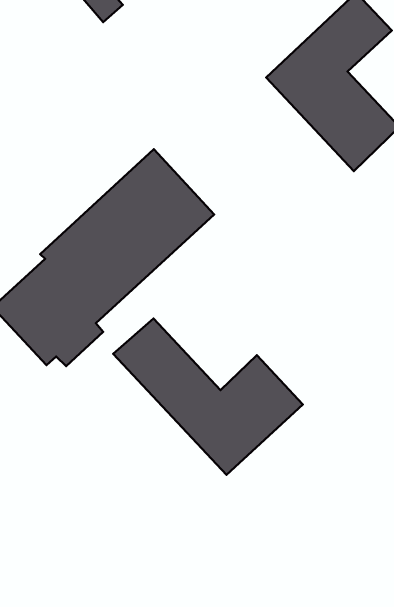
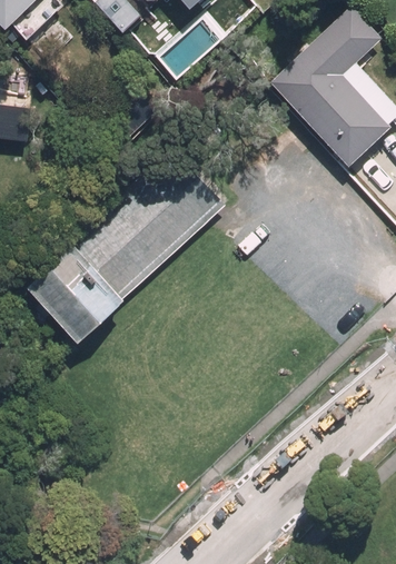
building: [113,319,303,475] -> none

